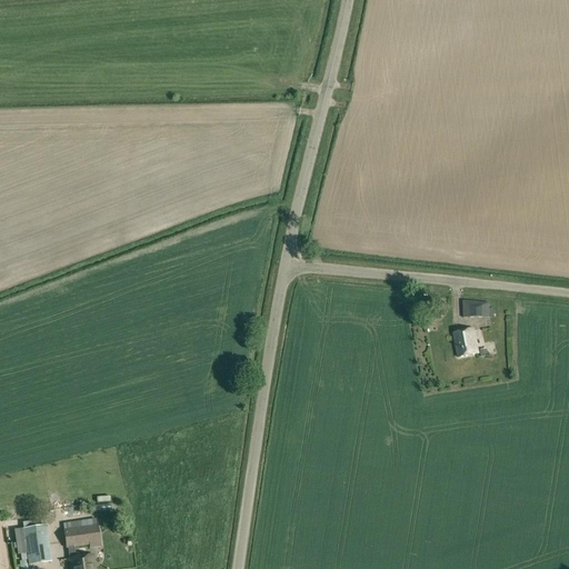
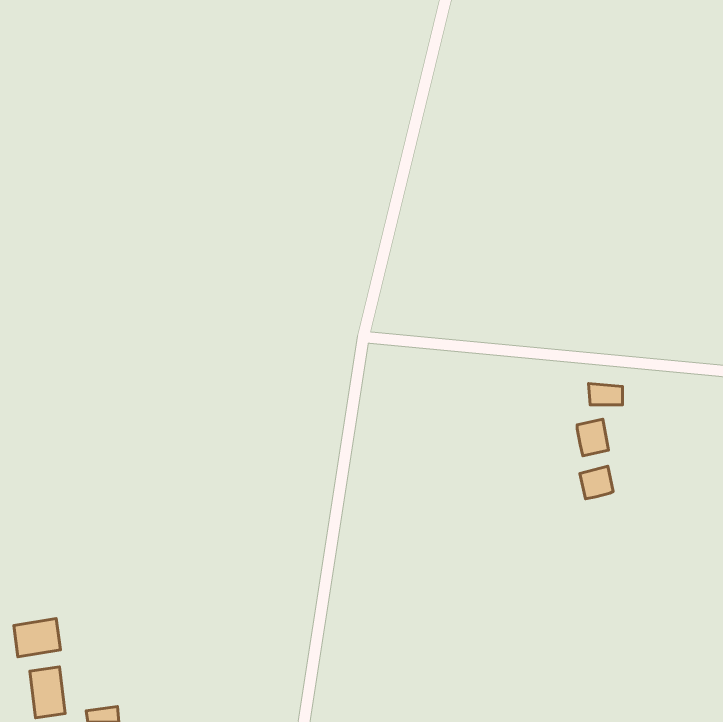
building: none -> [580,466,613,499]
building: [62,518,99,548] -> [14,619,60,657]

